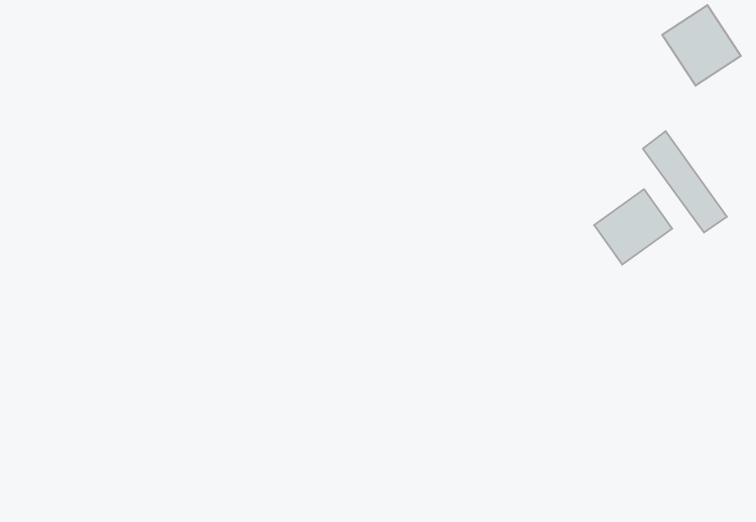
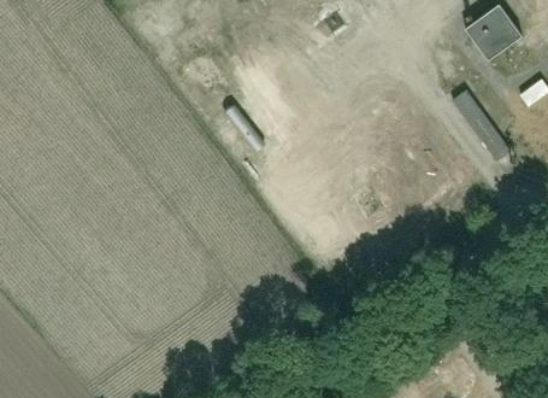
building: [594,189,672,265] -> none

